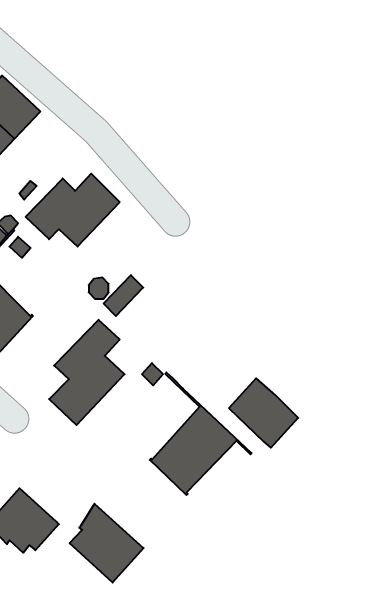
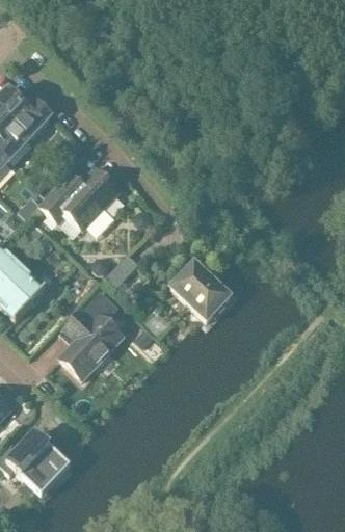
building: [150,372,252,495] -> none
building: [229,378,298,448] -> [171,261,230,319]
building: [70,504,144,583] -> none

